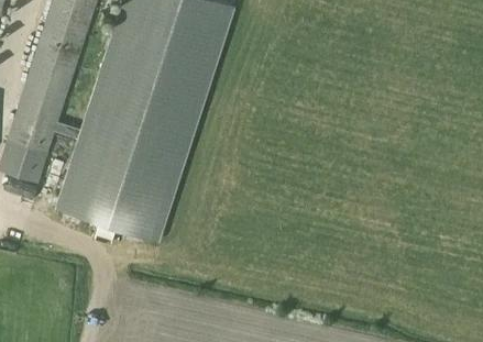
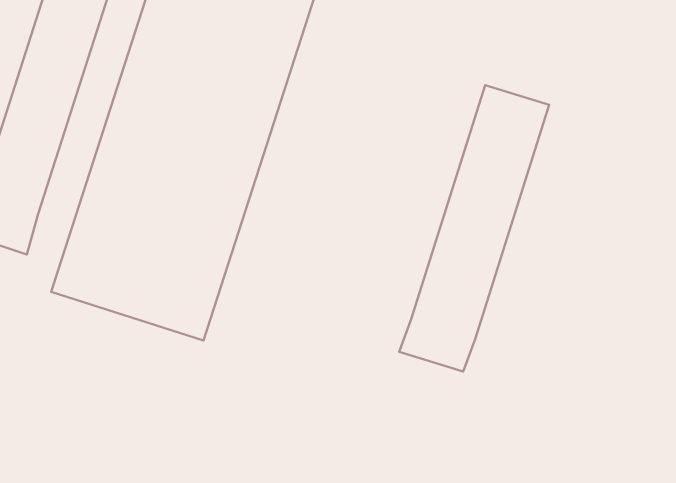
building: none -> [399,85,549,372]

